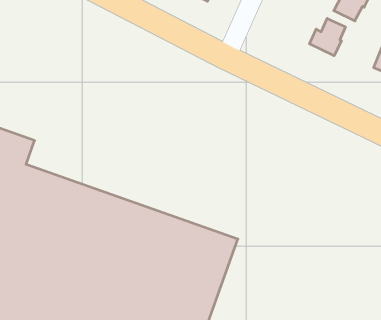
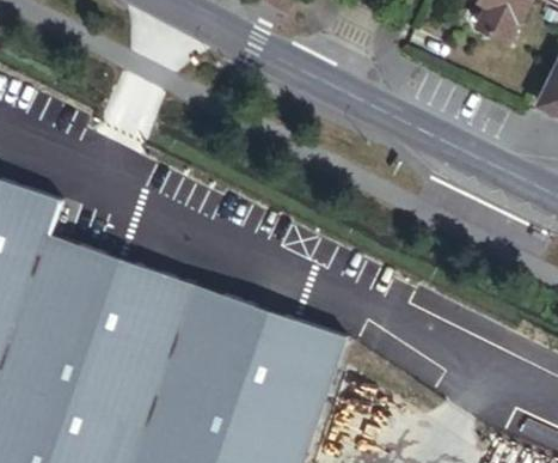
building: [310,18,345,56] -> none

